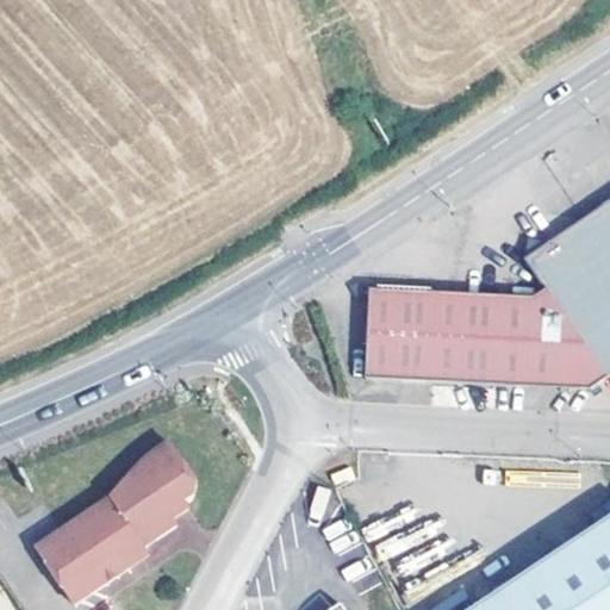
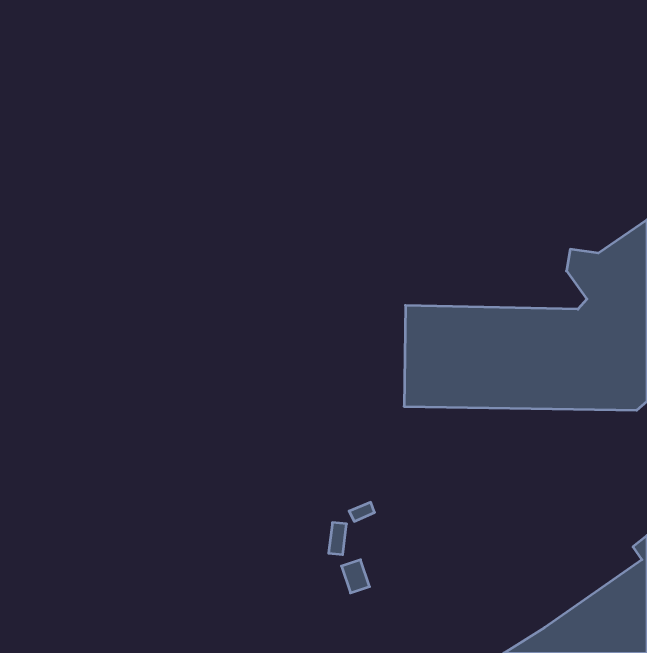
building: [38,438,197,602] -> none

